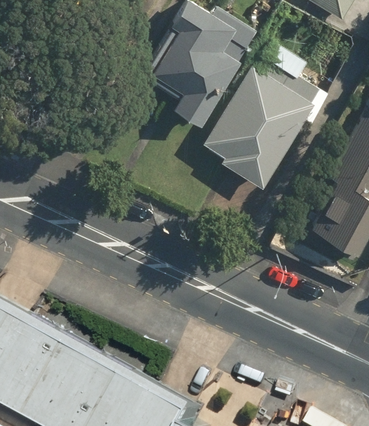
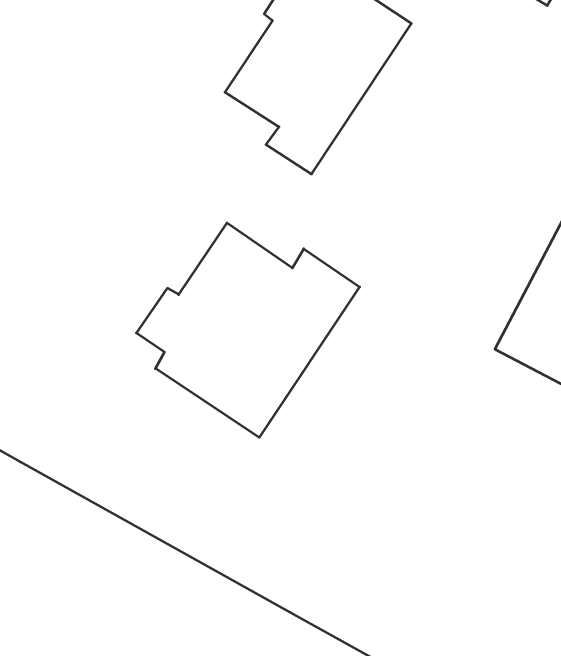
building: [201,39,328,189] -> none
building: none -> [136,223,360,437]

